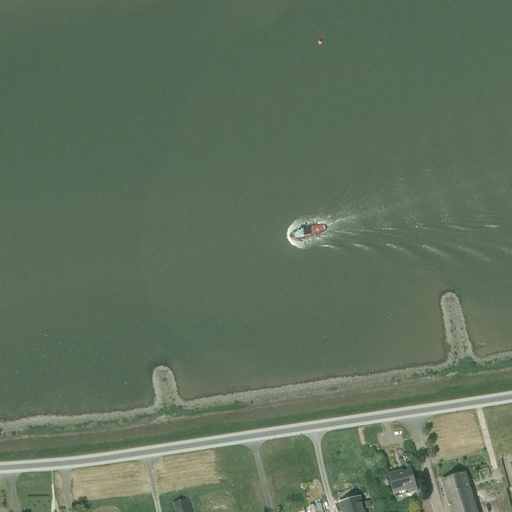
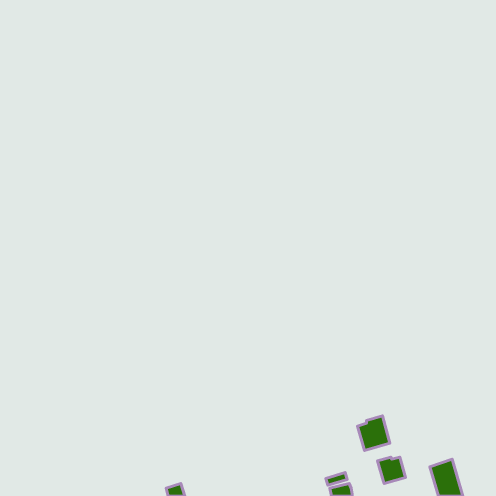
building: none -> [358,416,390,451]

